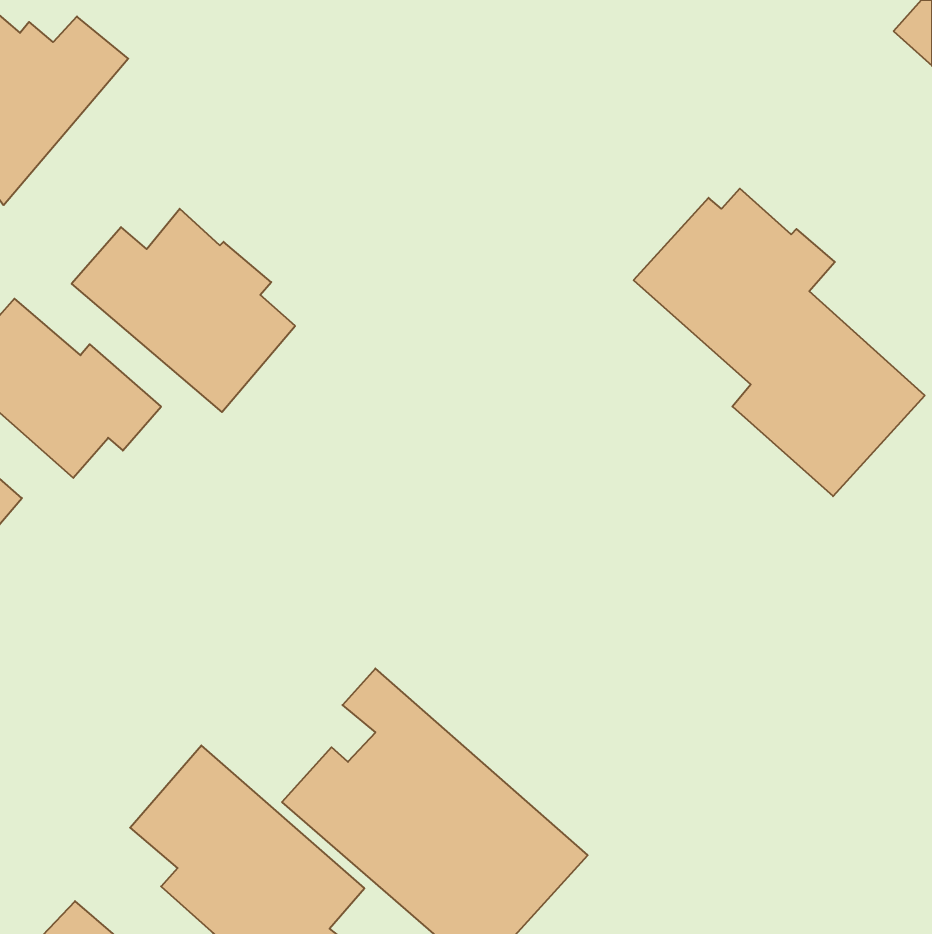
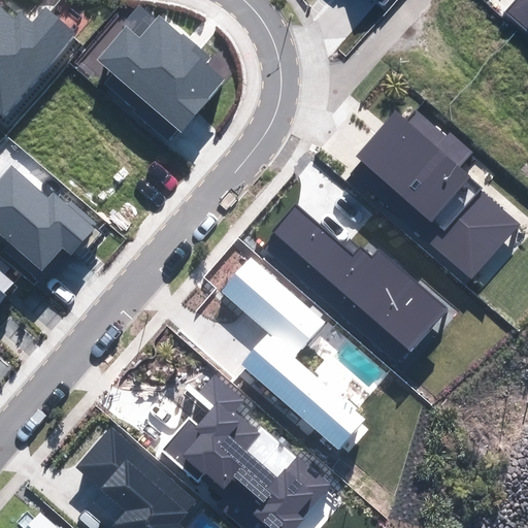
building: [72,209,295,412] -> [96,18,222,132]
building: none -> [275,205,444,346]
building: none -> [214,251,368,450]

